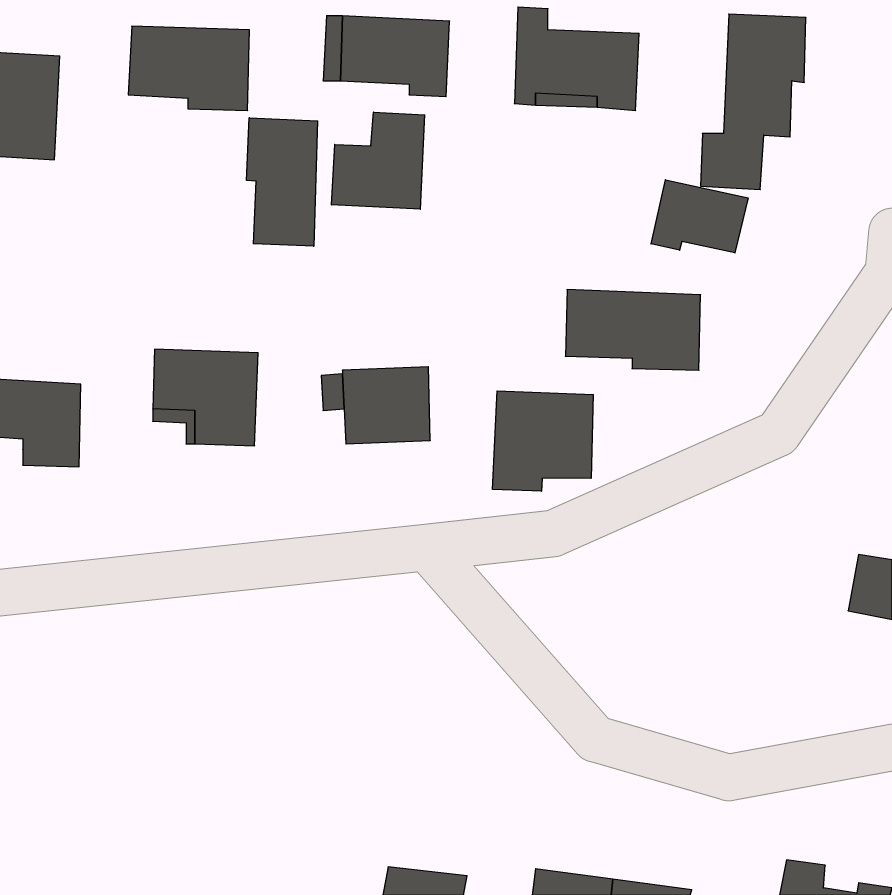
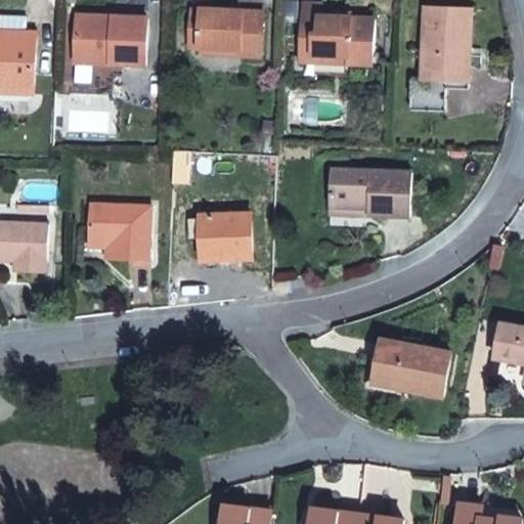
building: [332,112,425,209] -> none
building: [247,118,318,246] -> none
building: [651,180,748,253] -> none
building: [493,391,593,491] -> none
building: none -> [372,339,449,396]

